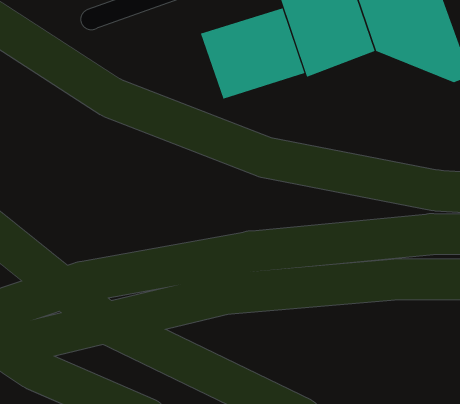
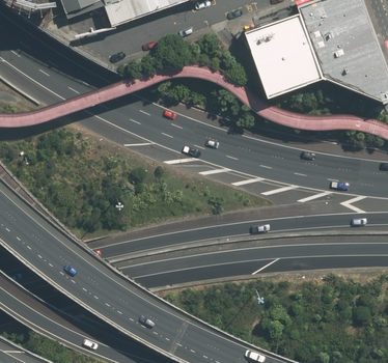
building: [200,8,305,100] -> none

